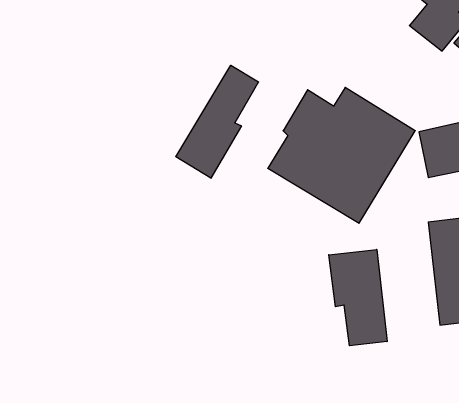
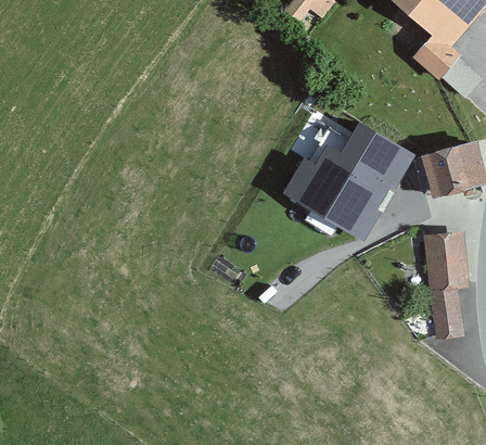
building: [176,65,259,178] -> none
building: [329,249,387,346] -> none

